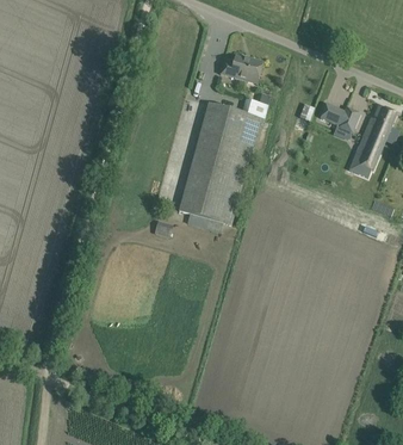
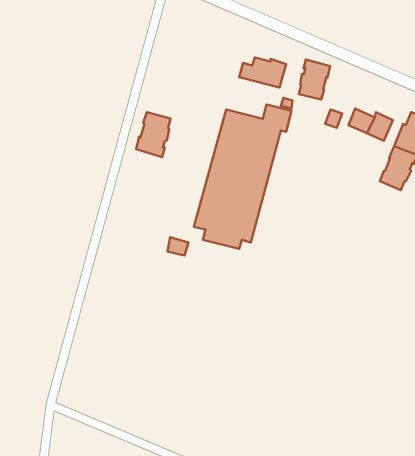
building: none -> [299,59,330,100]
building: none -> [136,112,171,157]

